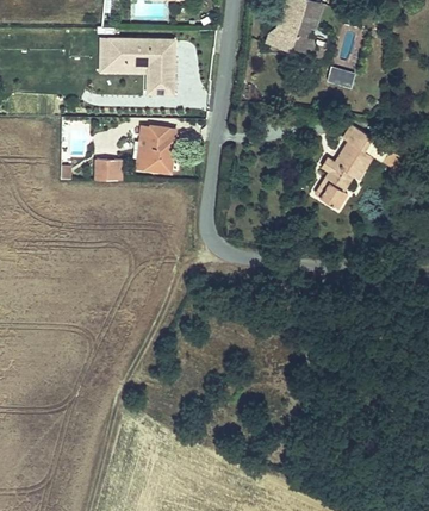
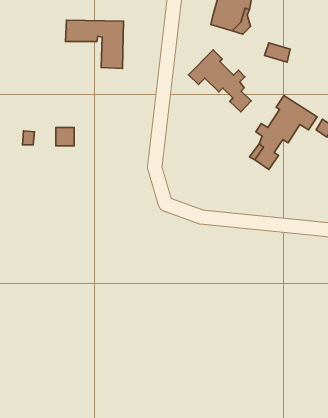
building: none -> [188,50,251,112]
building: [143,125,178,173] -> none

